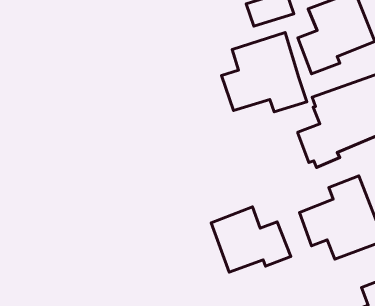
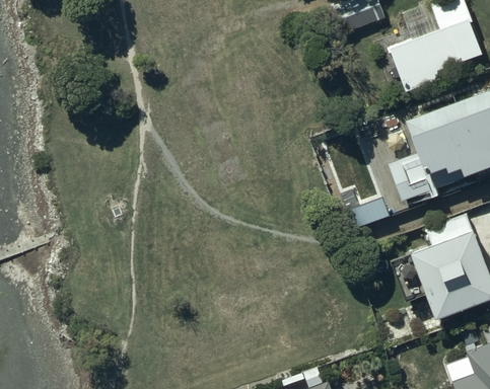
building: [221,32,307,112] -> none
building: [211,207,291,272] -> none

